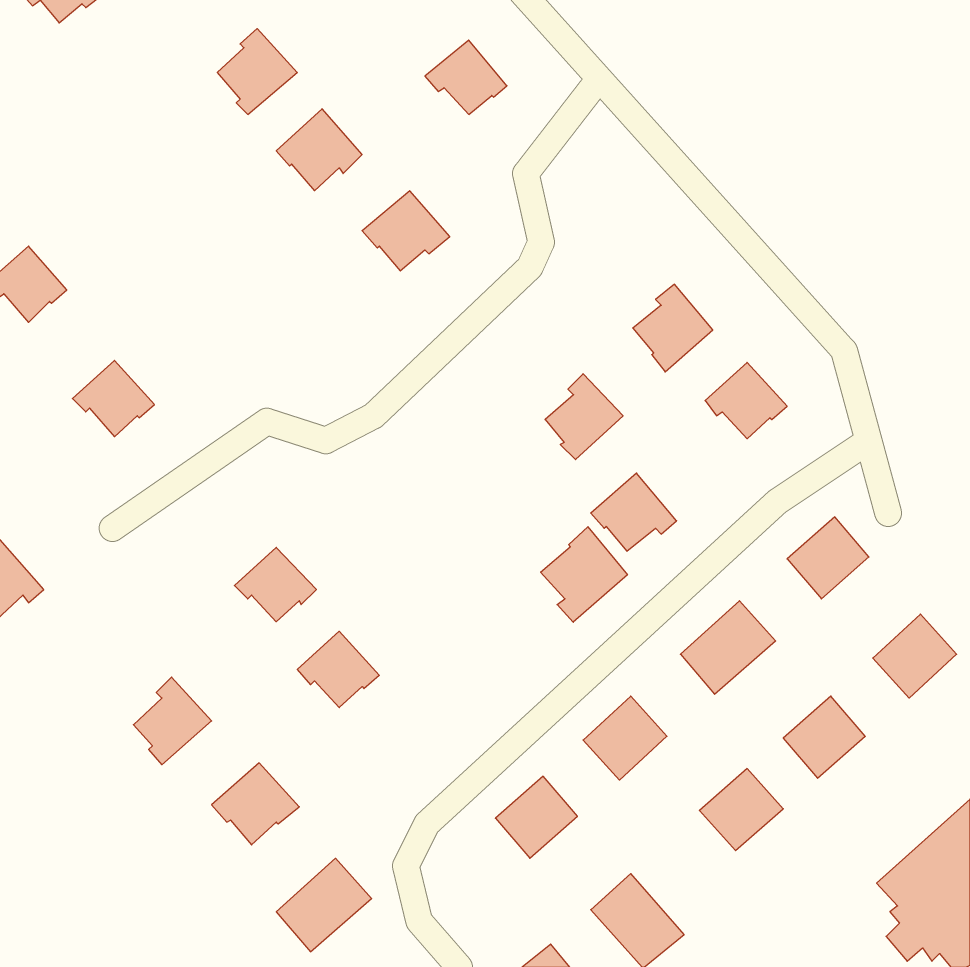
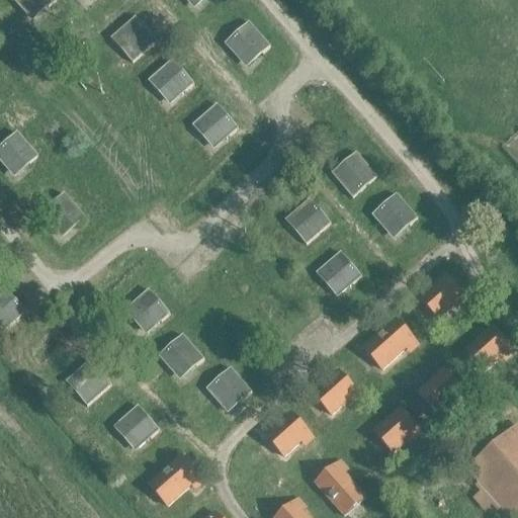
building: [541,527,627,622] -> none
building: none -> [208,369,251,409]

